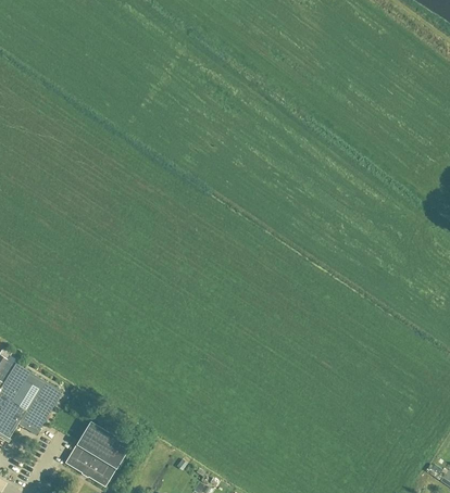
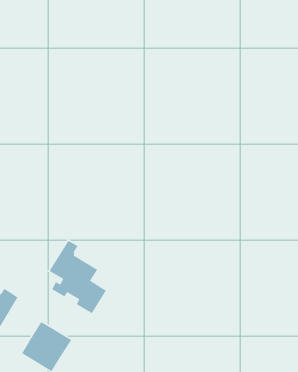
building: none -> [48,240,107,314]

